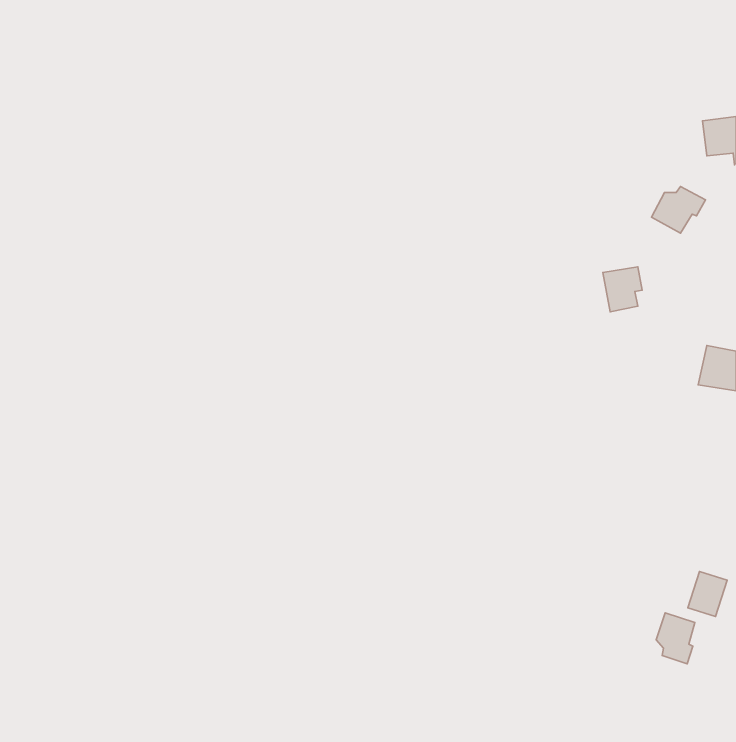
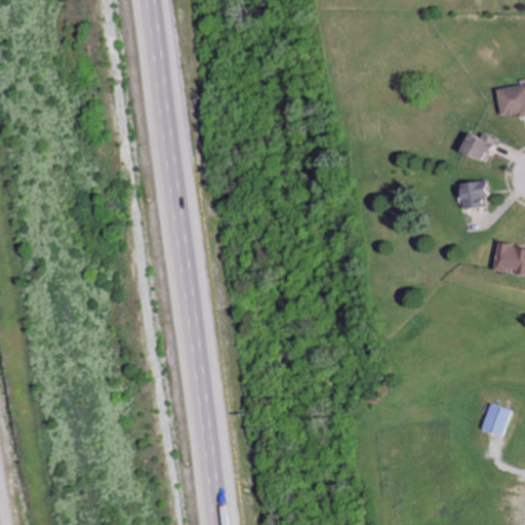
building: [603,267,642,312] -> [459,180,487,212]
building: [656,613,695,664] -> none

